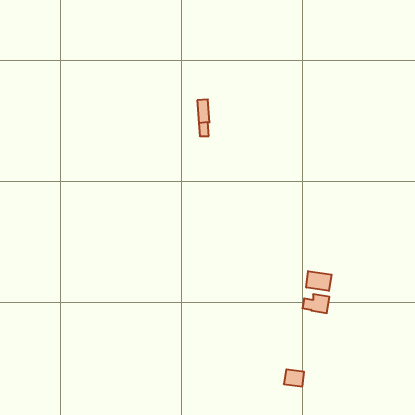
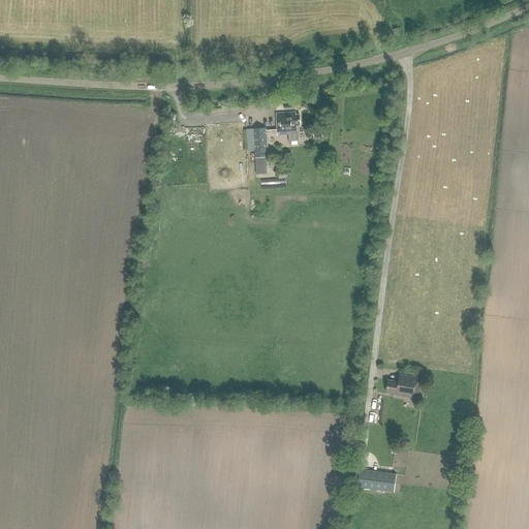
building: none -> [274,111,298,139]
building: [306,271,332,291] -> none

